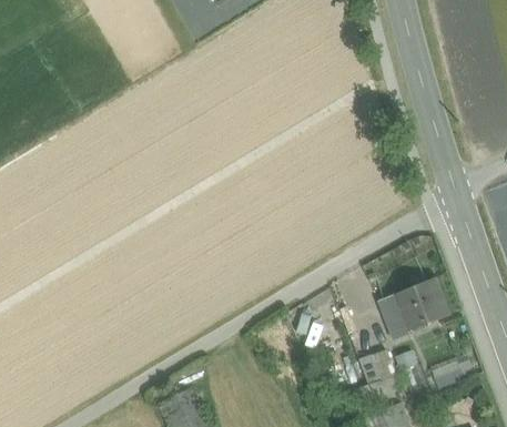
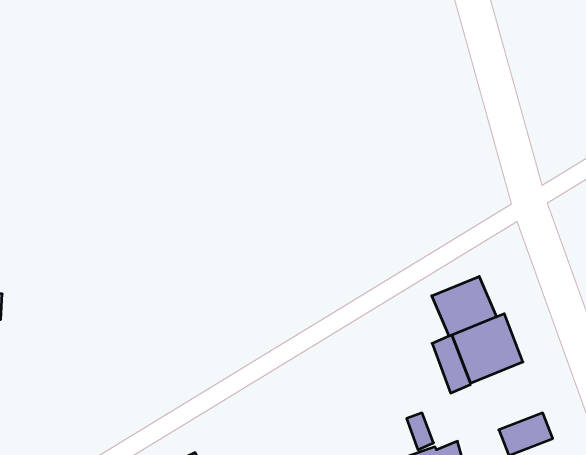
building: none -> [432,276,497,336]

